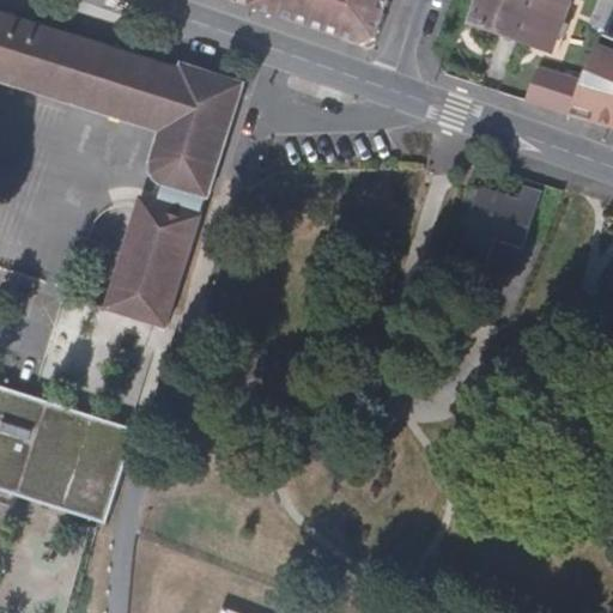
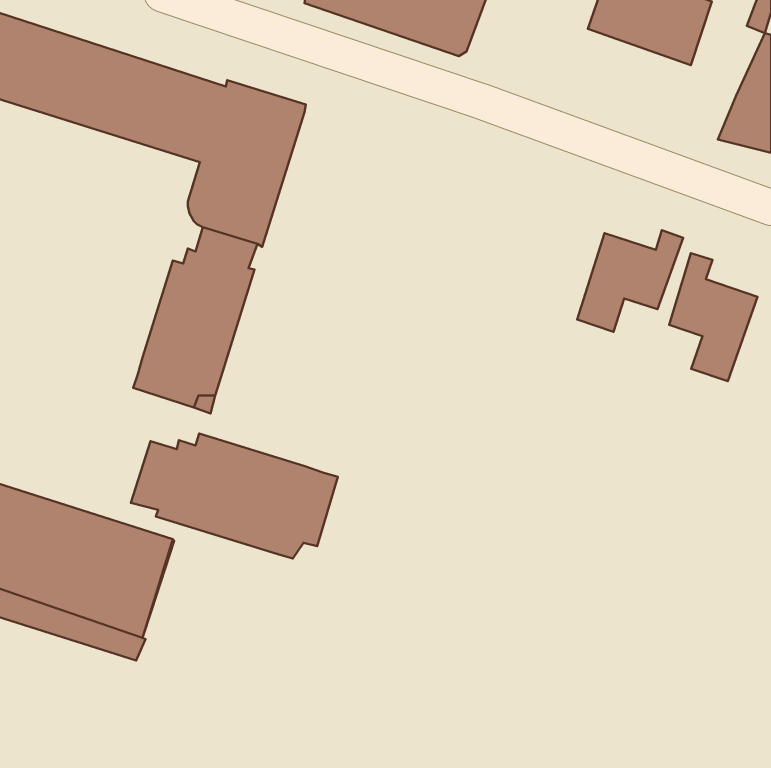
building: [524,60,582,110] -> none
building: none -> [669,253,757,381]
building: none -> [131,434,338,559]

